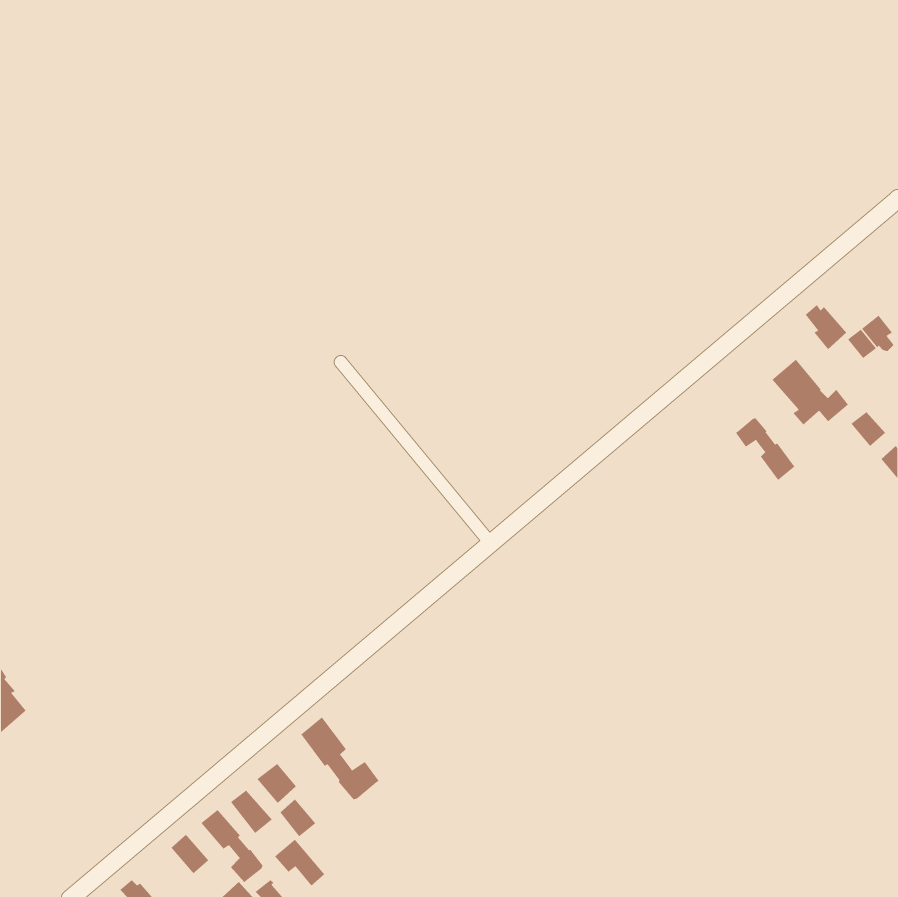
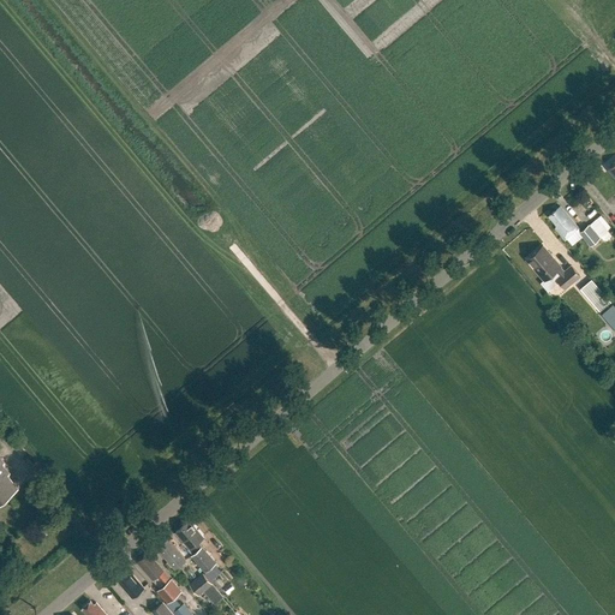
building: [735,417,795,481] -> none
building: [300,717,379,800] -> none

